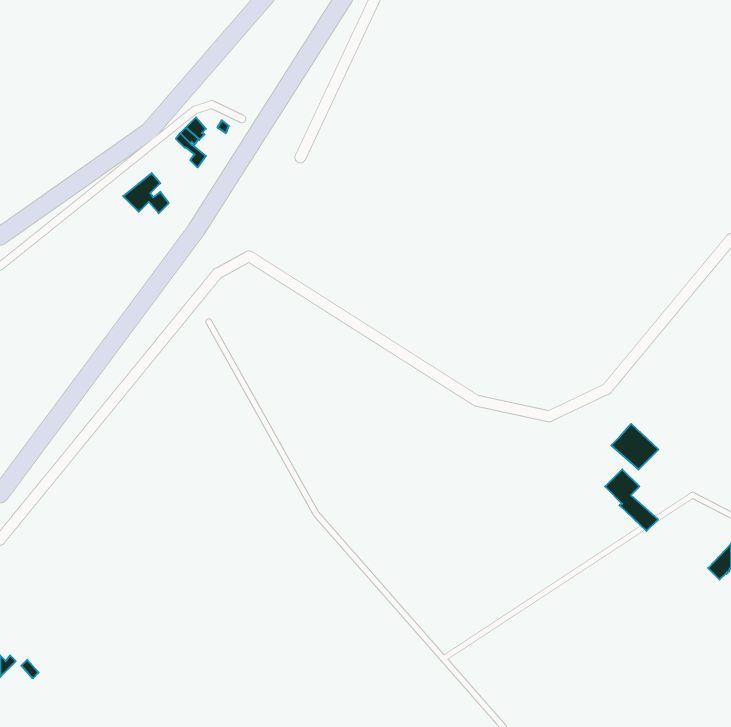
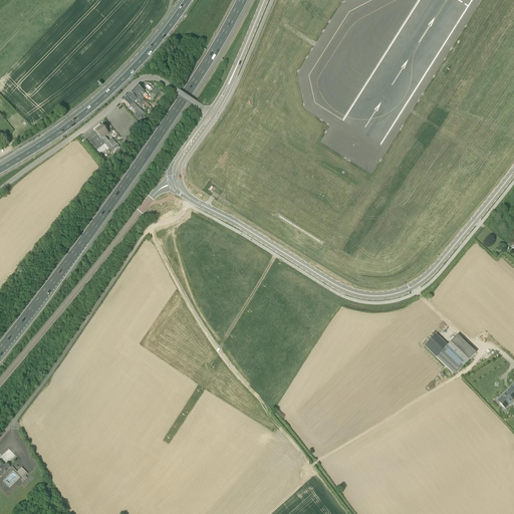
building: [611,424,658,470] -> [443,332,476,364]

